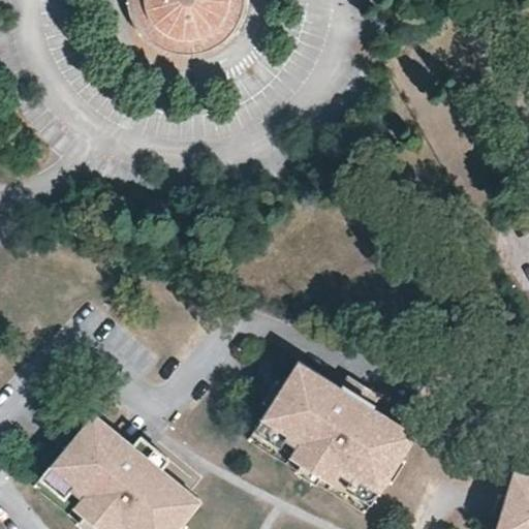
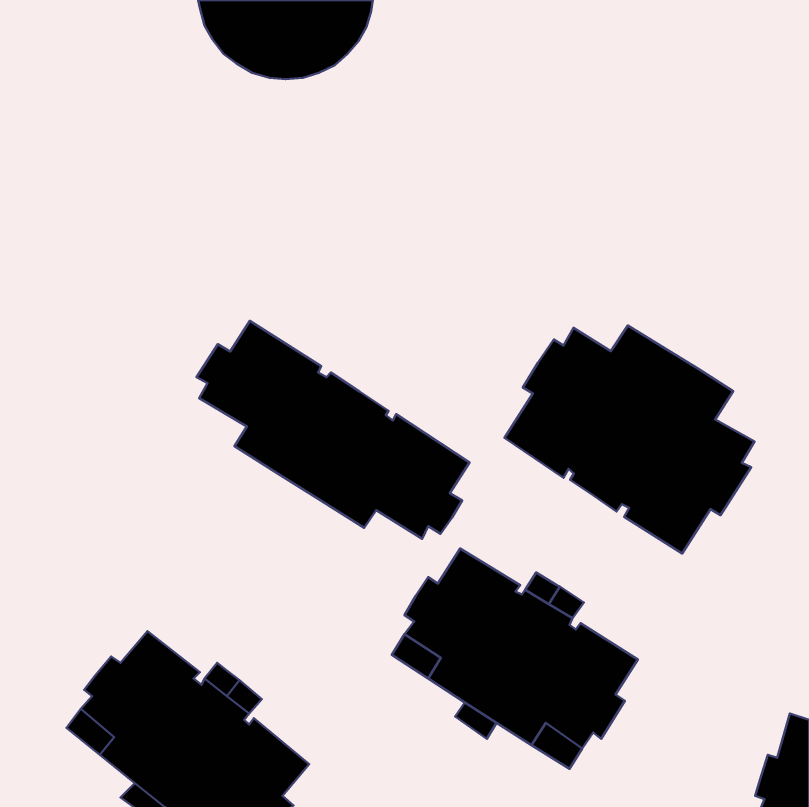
building: none -> [196,321,469,539]
building: none -> [504,325,754,553]

